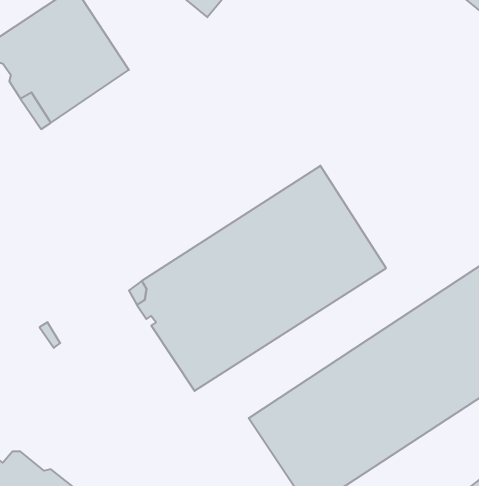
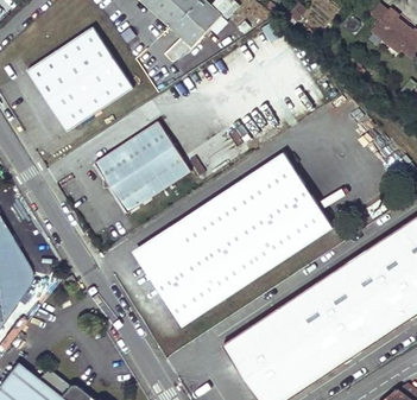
building: none -> [95,120,190,211]

